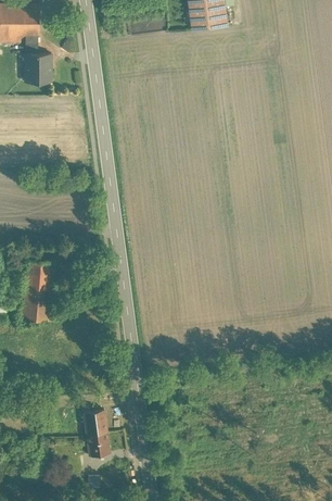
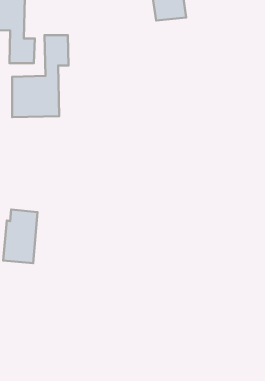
building: none -> [12,35,69,117]
building: [81,406,111,454] -> none

